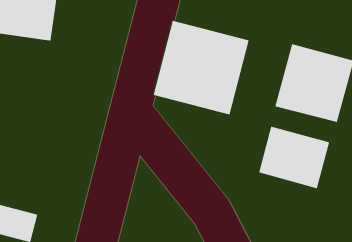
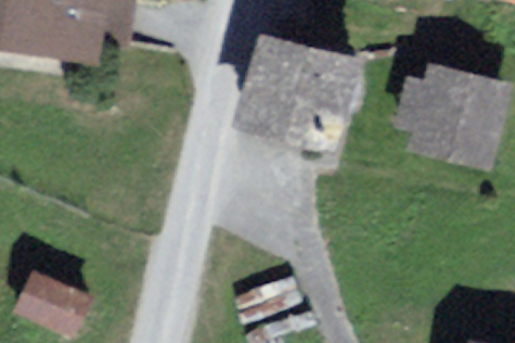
building: [258,126,330,189] -> none

